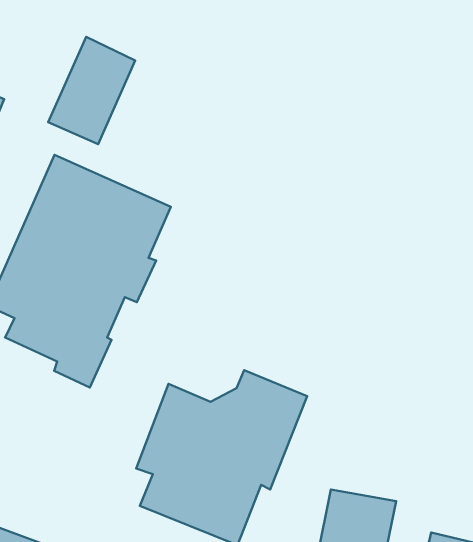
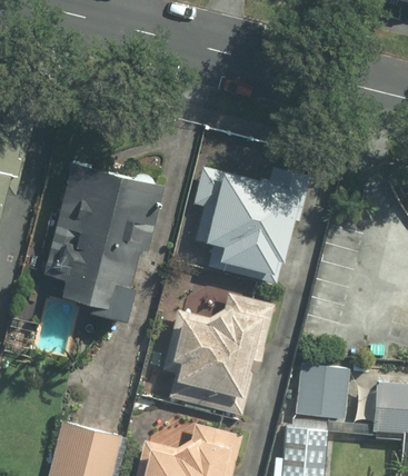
building: [48,37,135,144] -> none
building: none -> [191,163,310,285]

